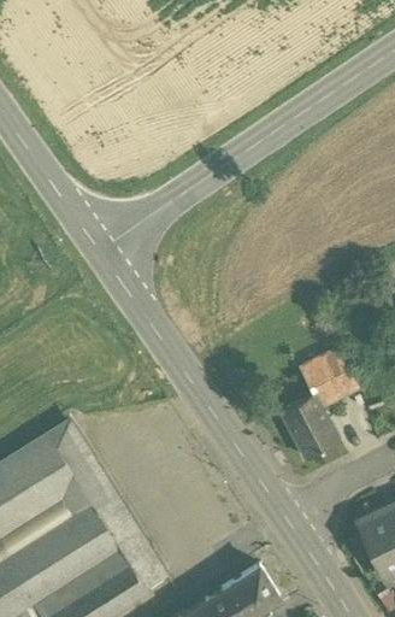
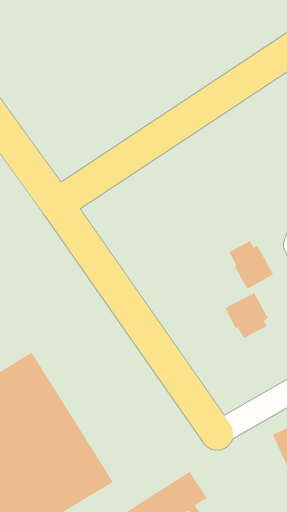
building: none -> [228,240,274,290]
building: [281,394,340,459] -> none

